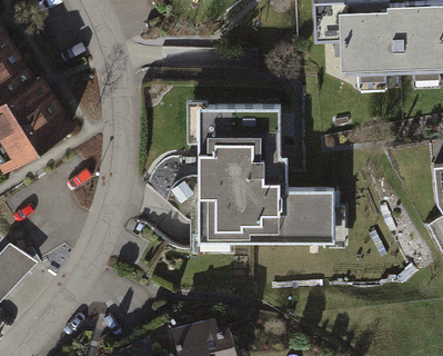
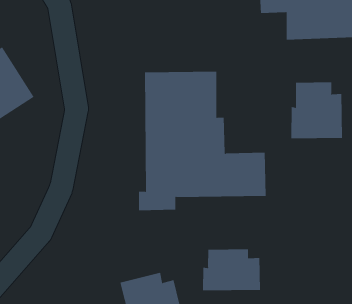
building: none -> [291,81,343,139]
building: none -> [202,248,260,291]

